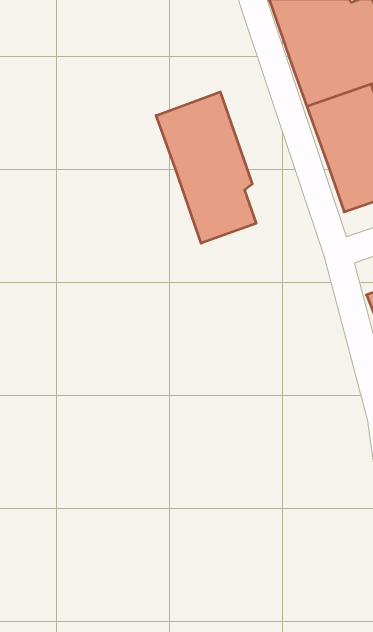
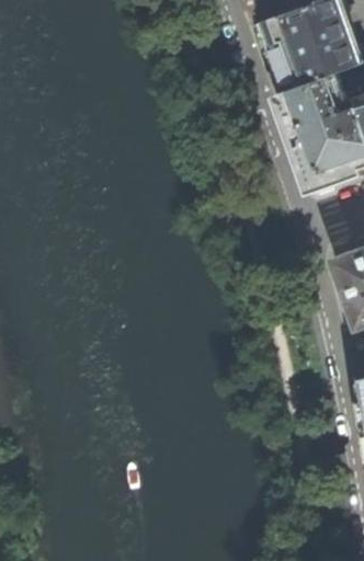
building: [156,92,256,243] -> none

